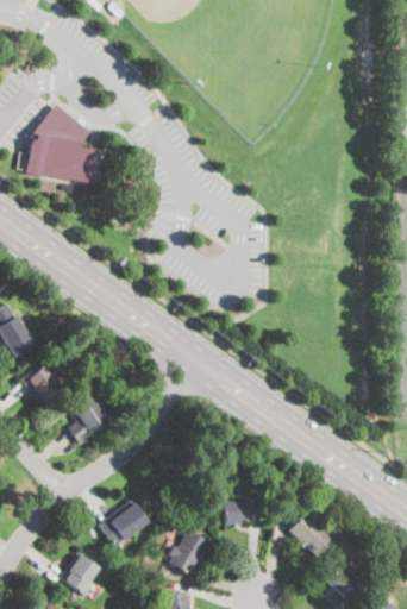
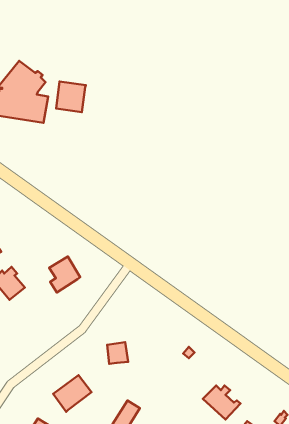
building: none -> [56,82,86,112]
building: [70,396,109,441] -> [49,257,80,292]
building: [225,498,251,526] -> [107,342,128,364]

